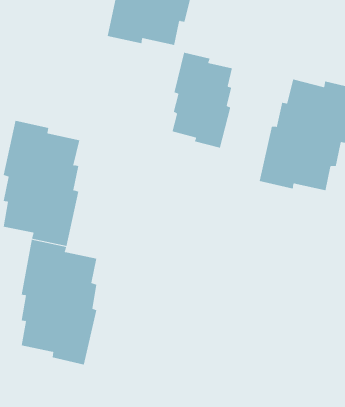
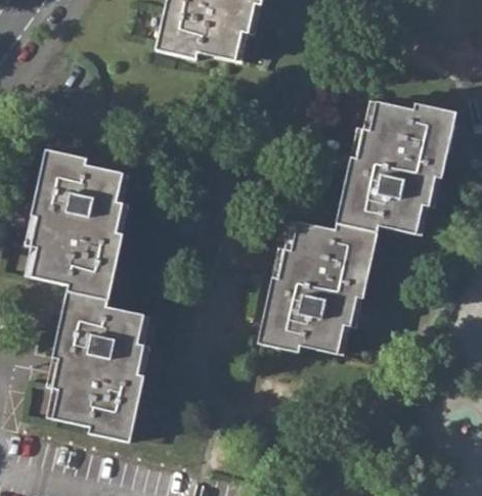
building: [172,52,232,148] -> none
building: none -> [258,221,378,352]

